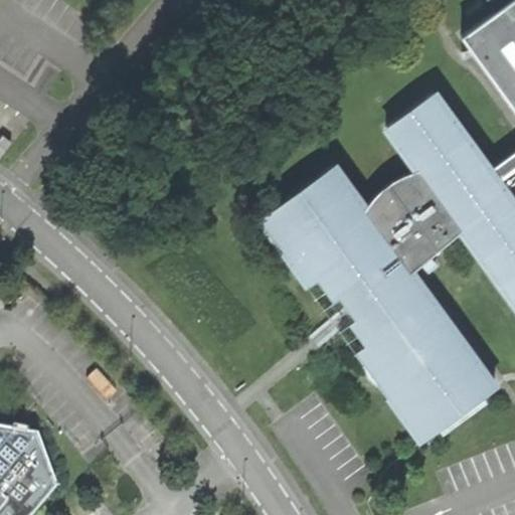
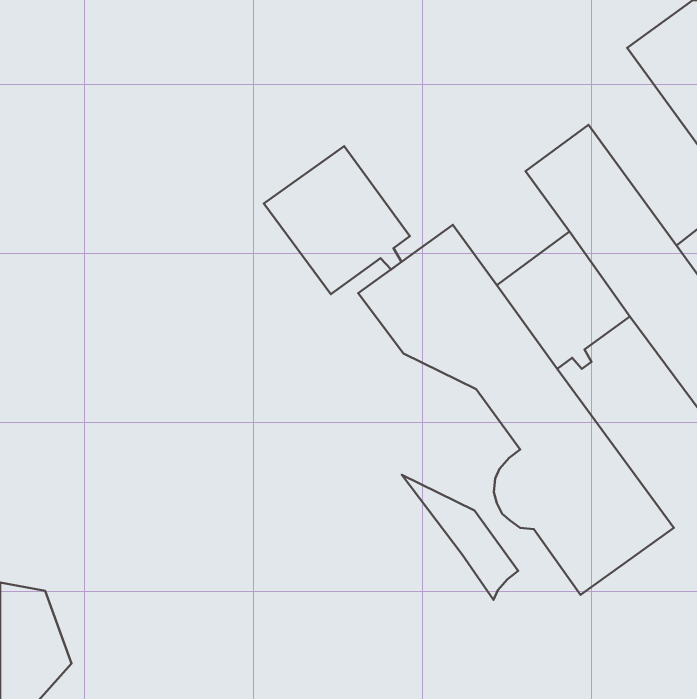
building: none -> [264,146,410,294]
building: [299,261,384,352] -> [402,475,518,600]

